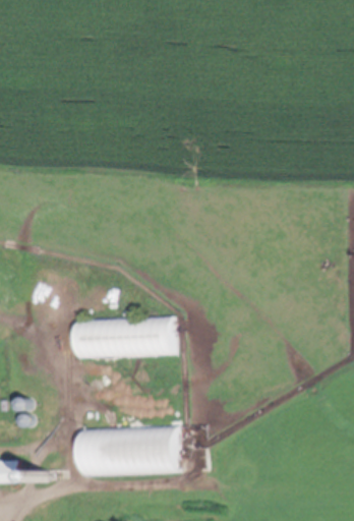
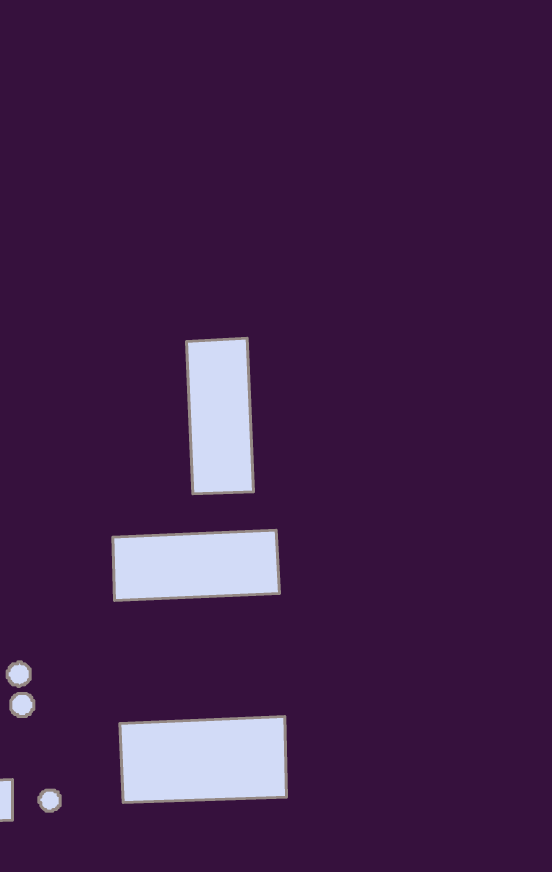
building: none -> [186,338,254,494]

